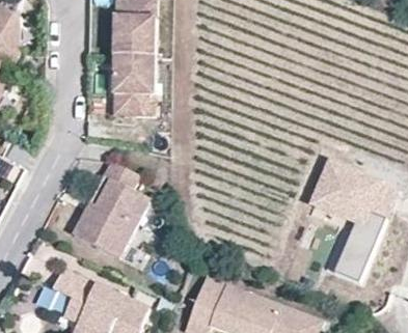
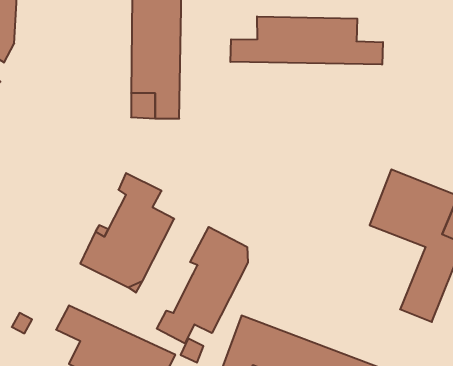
building: none -> [230,16,383,65]
building: none -> [157,227,248,344]

